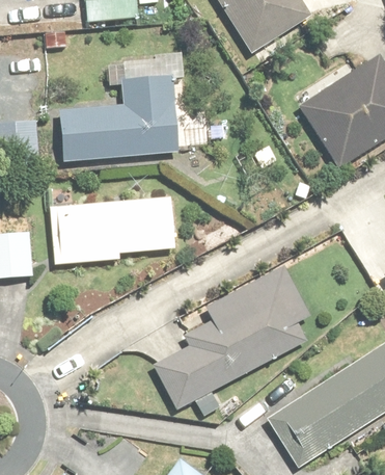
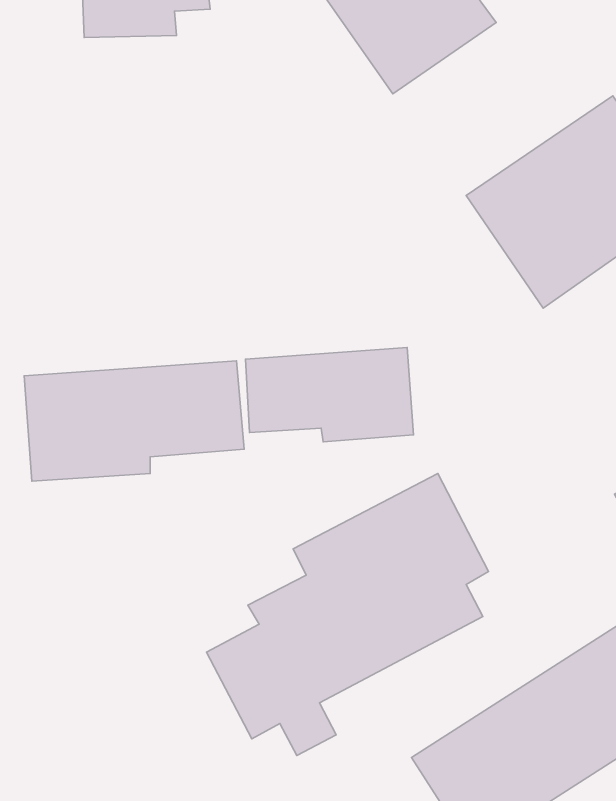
building: [60,52,183,160] -> none
building: none -> [245,348,413,442]

